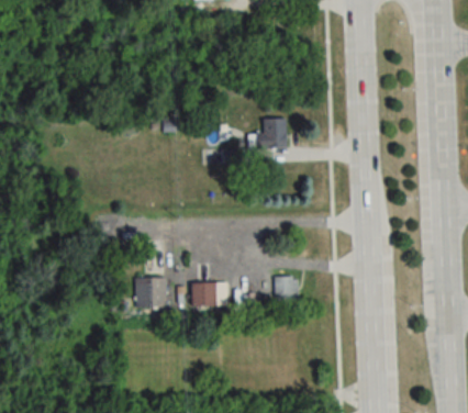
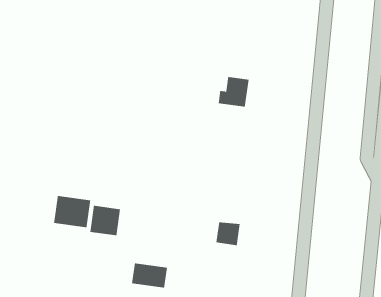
building: none -> [53,195,91,228]
building: [191,281,229,304] -> [131,263,168,288]

